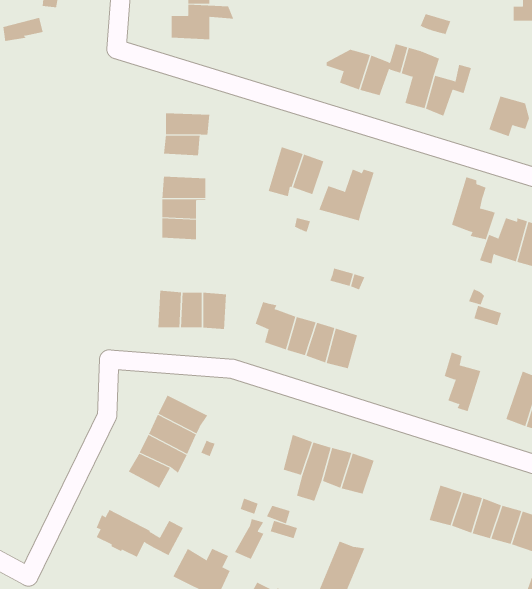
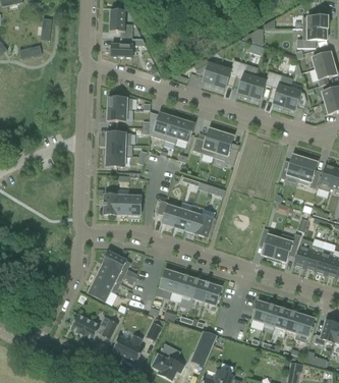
building: none -> [271,72,293,106]
building: none -> [149,112,171,140]
building: [451,176,496,240] -> [214,129,238,164]
building: none -> [273,232,300,262]
building: none -> [155,269,177,298]

